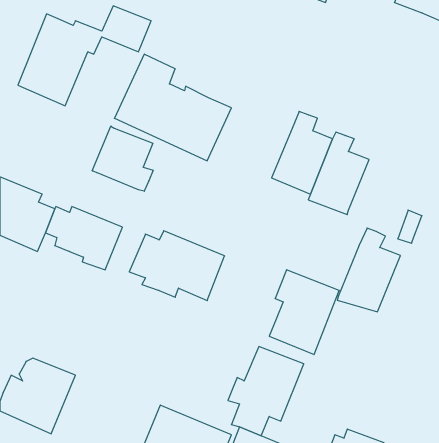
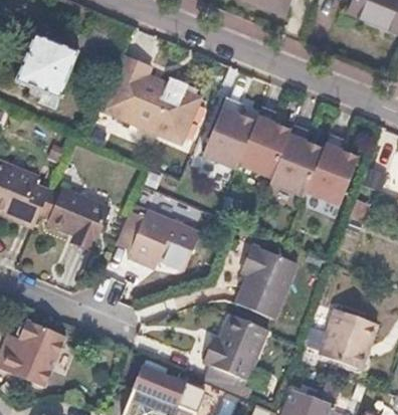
building: none -> [203,96,256,169]
building: [92,126,153,191] -> none
building: [337,228,400,312] -> [305,133,360,206]
building: none -> [318,312,377,371]

